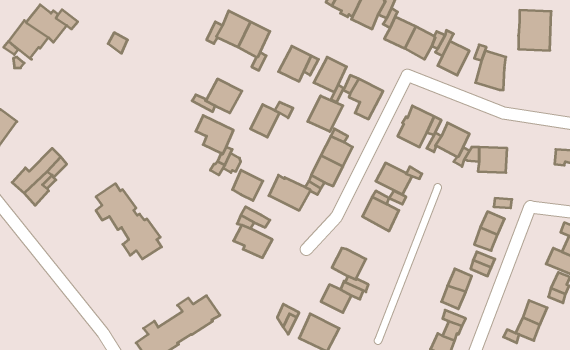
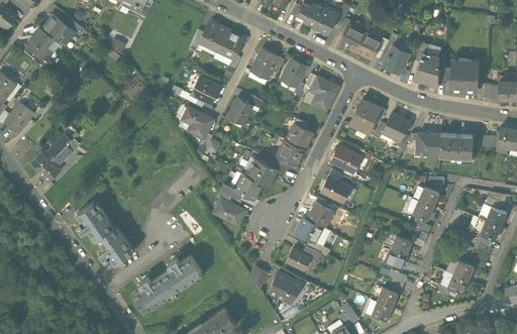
building: [518,10,551,50] -> [450,61,478,94]
building: [308,96,343,132] -> none
building: none -> [439,135,473,159]
building: [232,170,263,201] -> [236,175,262,200]
building: [96,184,162,259] -> [77,202,131,264]
building: none -> [307,203,333,228]

